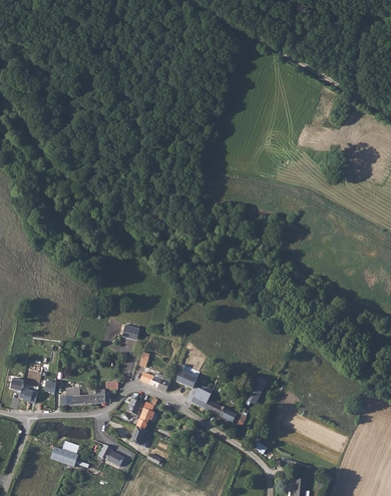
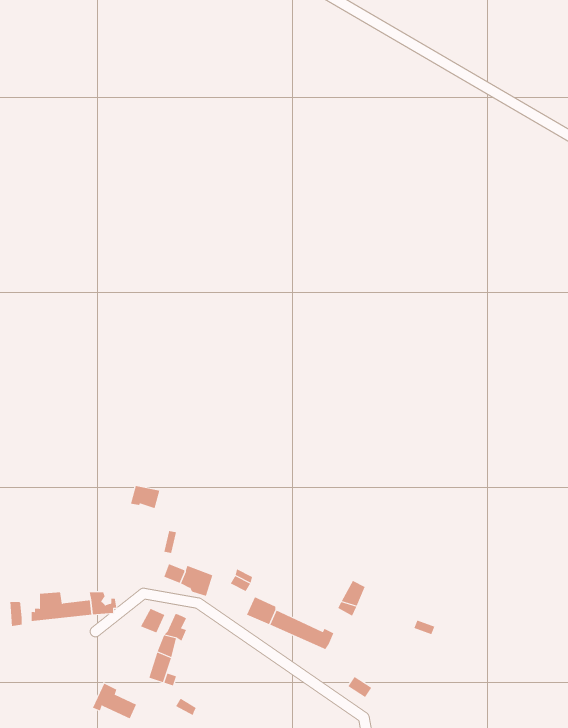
building: [52,441,80,465] -> none

